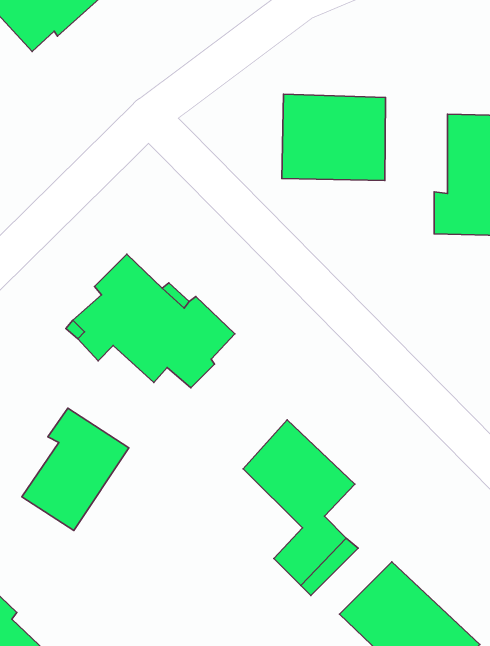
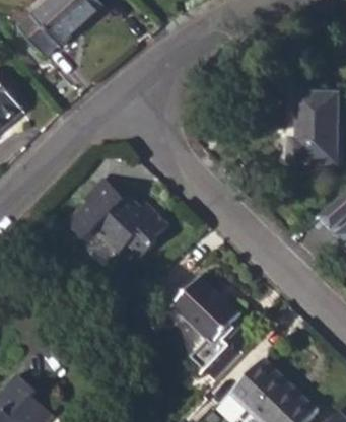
building: [282,94,386,181] -> none
building: [22,408,129,531] -> none

